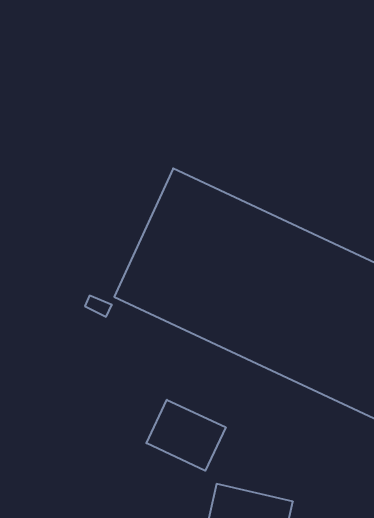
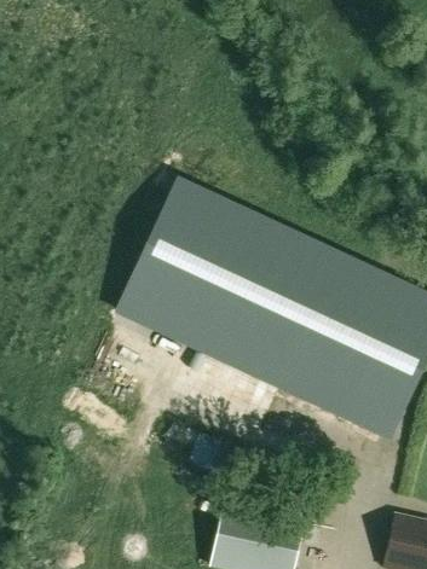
building: [146,400,226,471] -> none

